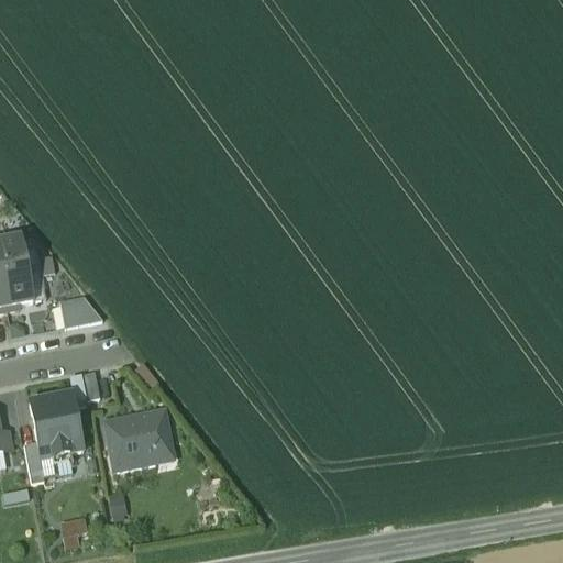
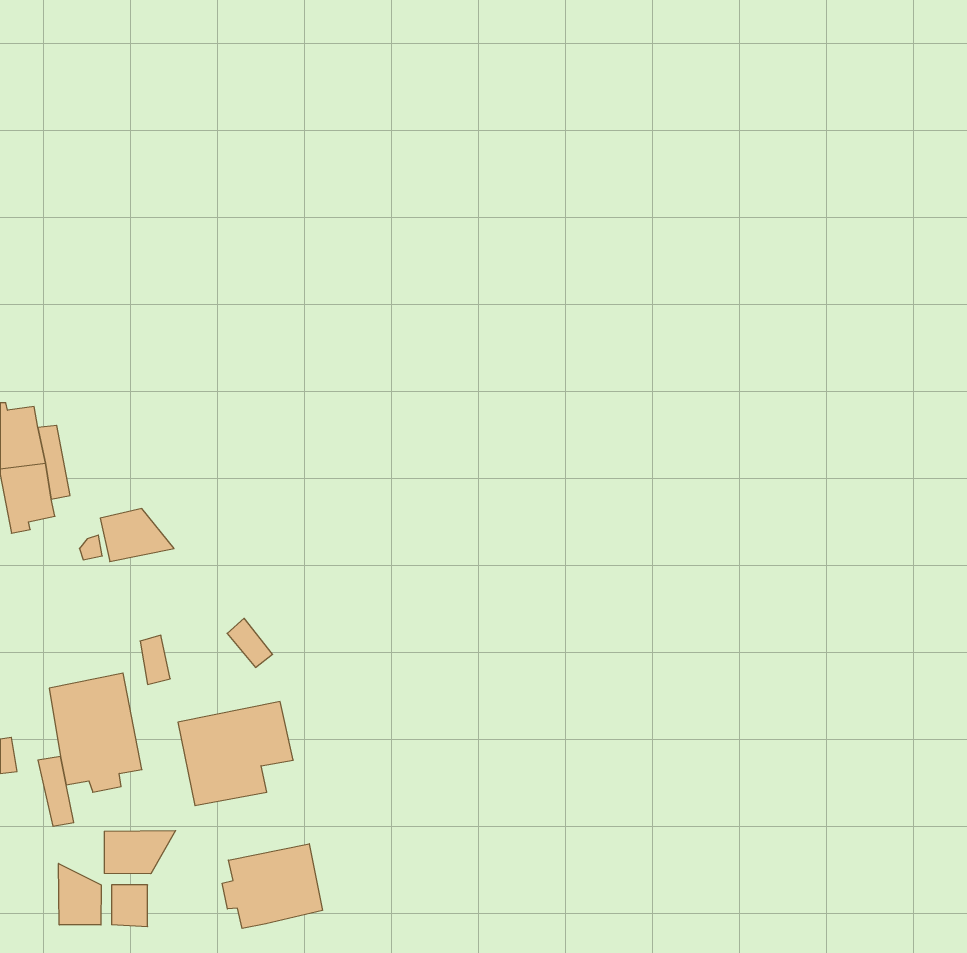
building: none -> [104,831,176,874]
building: none -> [222,844,322,928]
building: none -> [59,863,101,925]

